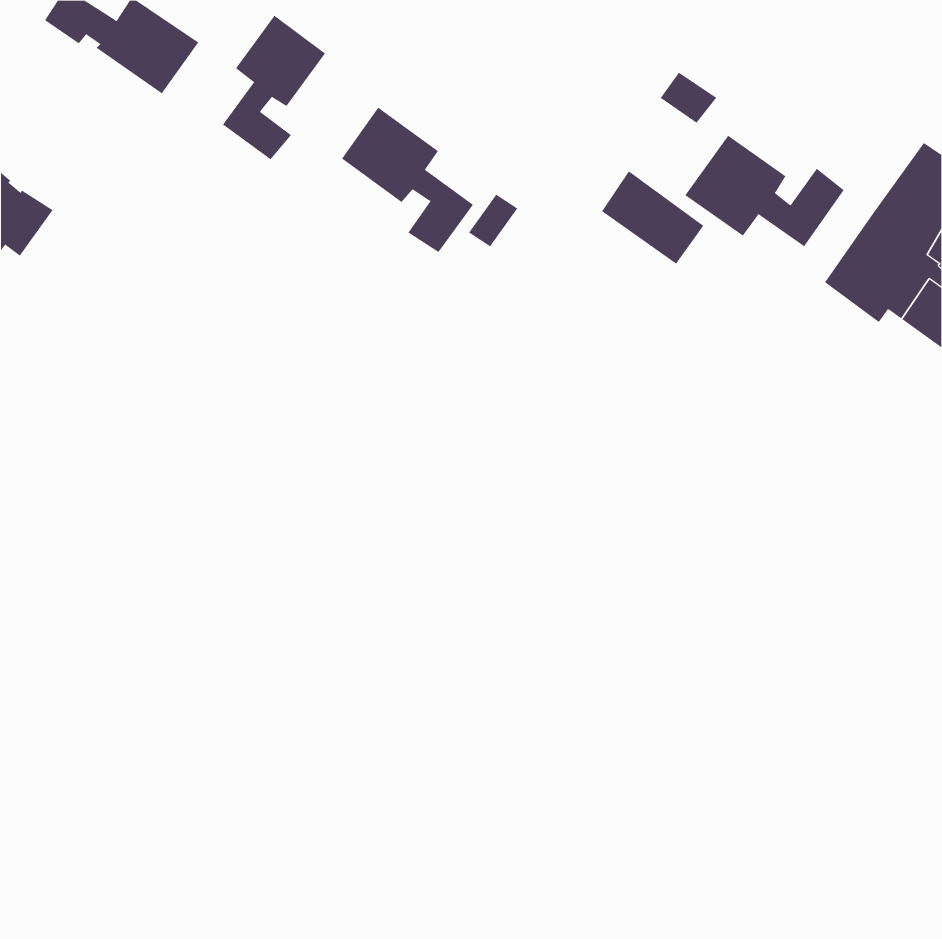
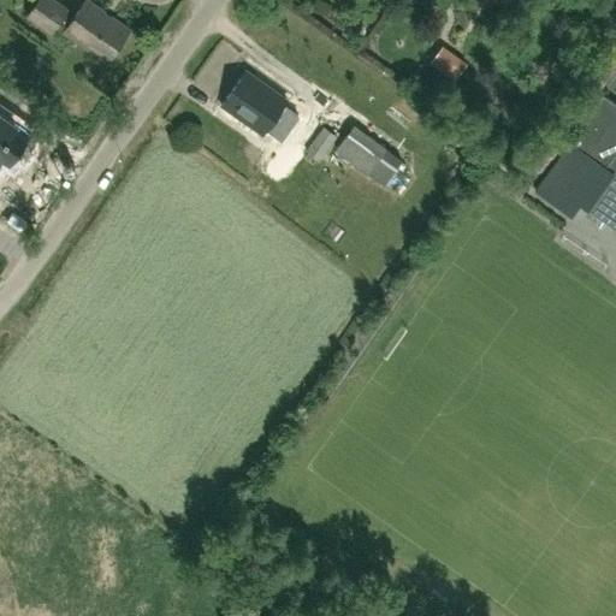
building: [222,15,326,160] -> none
building: [685,135,844,247] -> none
building: [601,171,704,265] -> [336,126,403,188]

